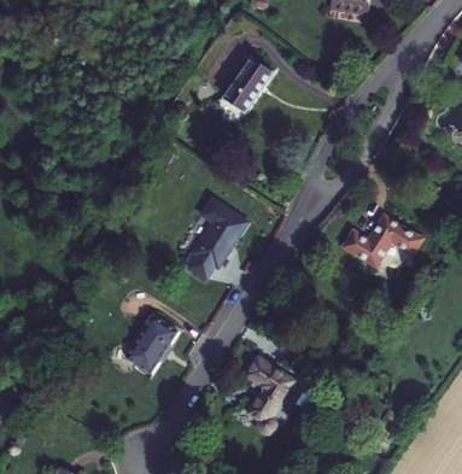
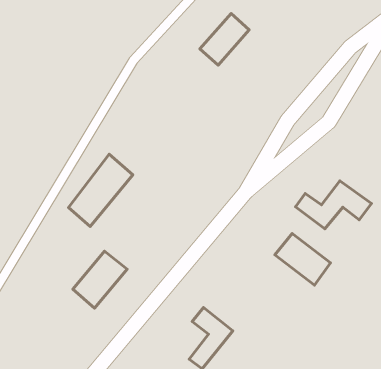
building: [183,204,245,280] -> [69,154,133,227]
building: none -> [275,233,330,285]

